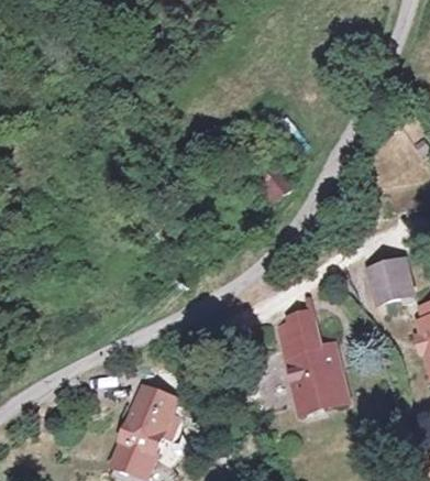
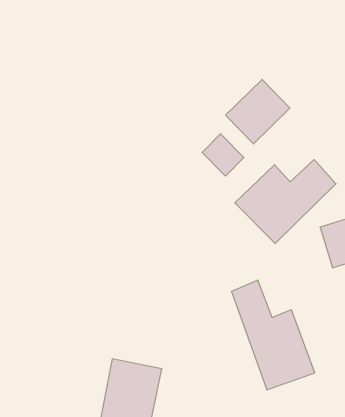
building: none -> [226,79,290,144]
building: none -> [235,160,336,244]

